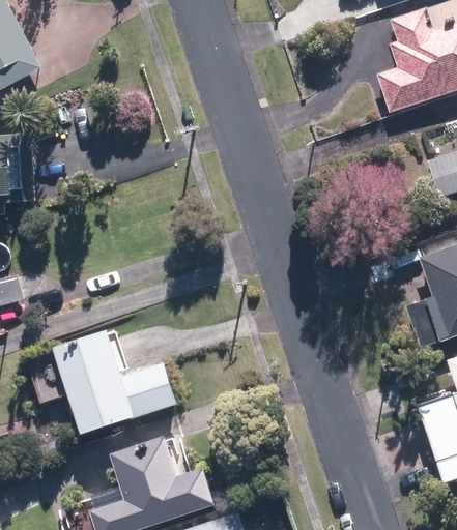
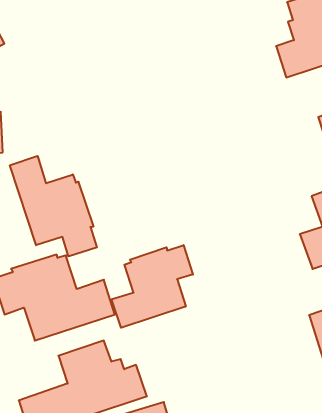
building: none -> [10,156,97,256]
building: none -> [112,245,193,328]

